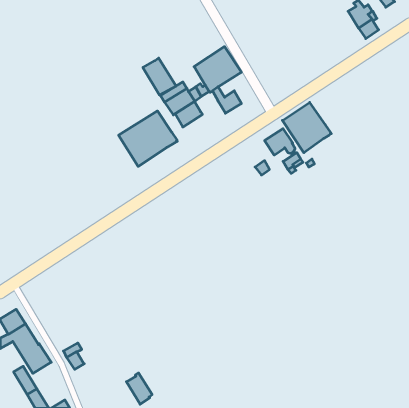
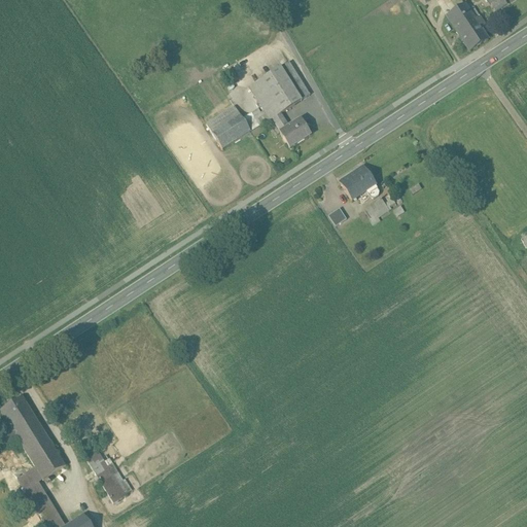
building: [143,58,176,95] -> none
building: [175,102,202,127] -> none
building: [282,102,331,153] -> none
building: [119,111,177,166] -> none
building: [126,373,152,404] -> [97,462,130,502]

